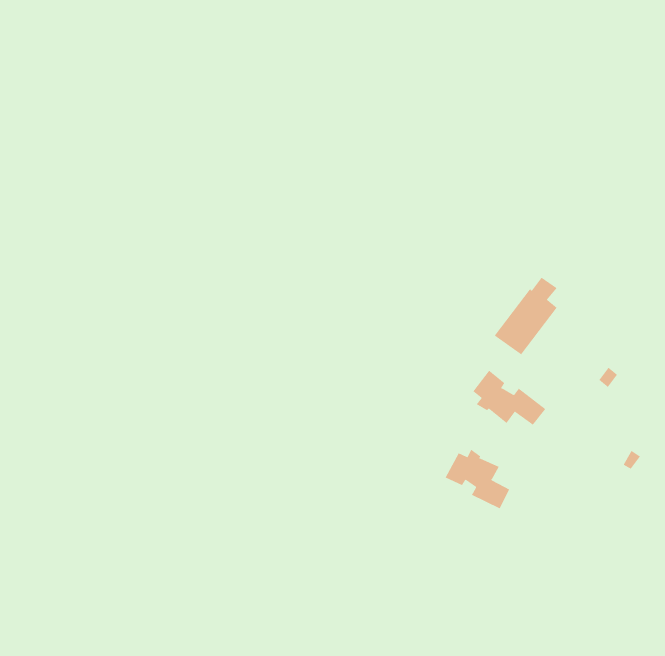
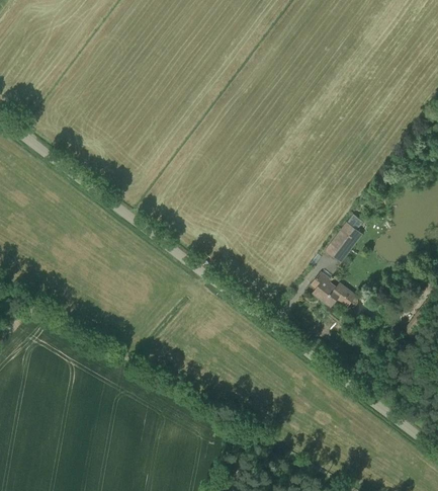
building: [445,449,510,509] -> none

